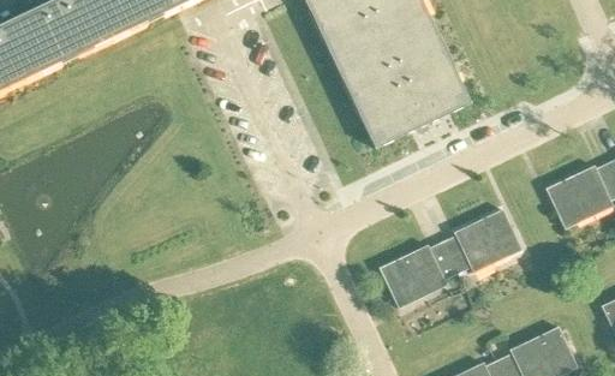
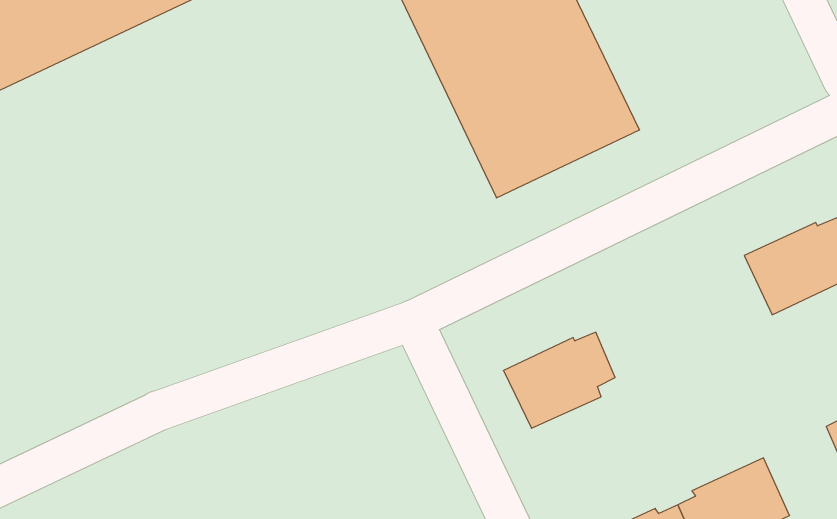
building: [443,209,521,273] -> none

